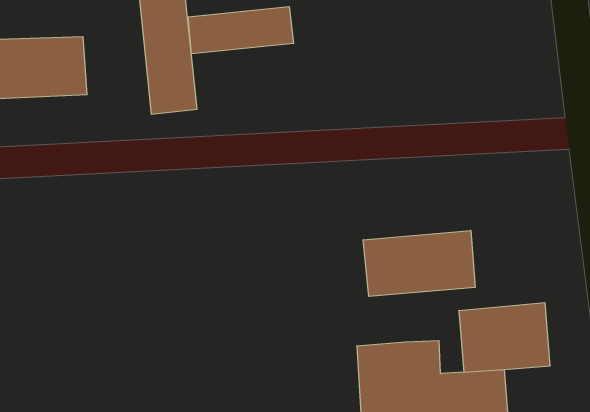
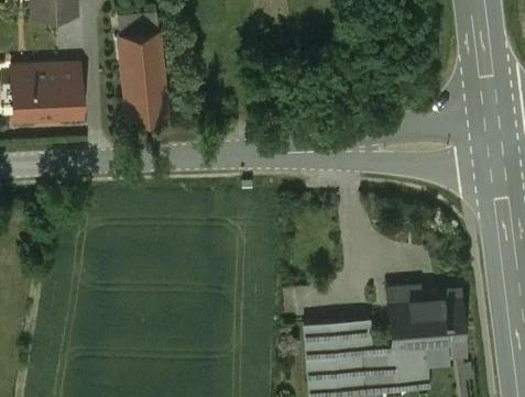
building: [188,7,293,54] -> none
building: [363,230,475,296] -> none

